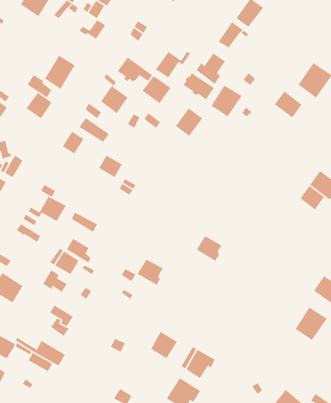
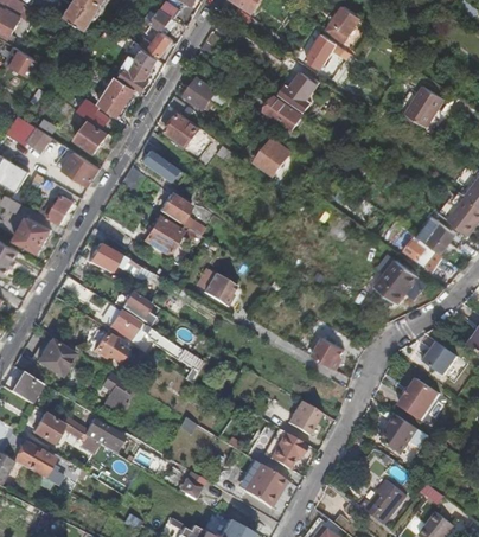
building: none -> [117,47,157,90]
building: [155,51,191,79] -> none
building: [142,75,172,104] -> none
building: [211,85,242,117] -> none
building: [274,90,303,119] -> none
building: none -> [62,151,100,186]
building: none -> [146,218,185,256]
building: none -> [379,260,420,300]
building: [196,235,222,262] -> [311,337,343,369]
building: [136,258,164,286] -> [206,275,240,308]
building: [150,331,178,359] -> [288,399,321,434]
building: none -> [378,415,416,454]

